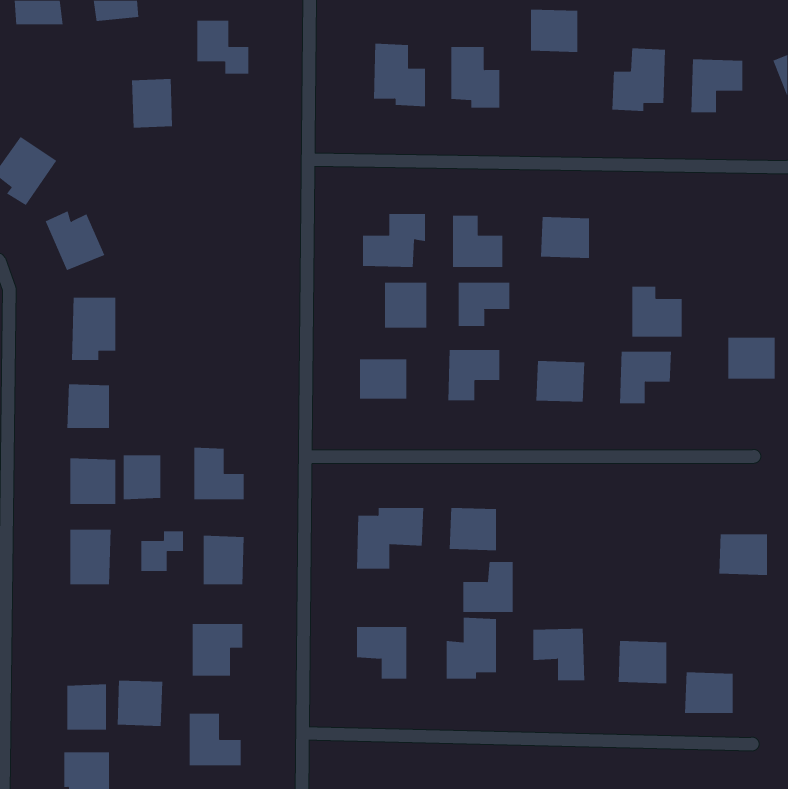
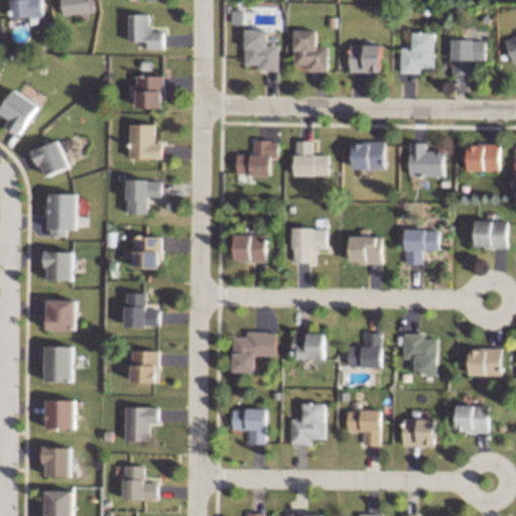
building: [530,9,578,52] -> [349,44,380,73]
building: [131,79,173,128] -> [135,76,162,108]
building: none -> [128,124,161,159]
building: none -> [467,145,498,171]
building: none -> [126,179,161,214]
building: [384,282,427,328] -> none
building: [458,282,510,327] -> none
building: [632,286,683,337] -> [408,143,441,176]
building: none -> [133,237,160,268]
building: [123,454,161,500] -> none
building: none -> [402,334,436,374]
building: [141,531,183,572] -> none
building: [462,562,513,613] -> [348,334,381,367]
building: [684,672,734,714] -> [456,405,488,432]
building: [117,680,163,726] -> [44,399,75,429]

